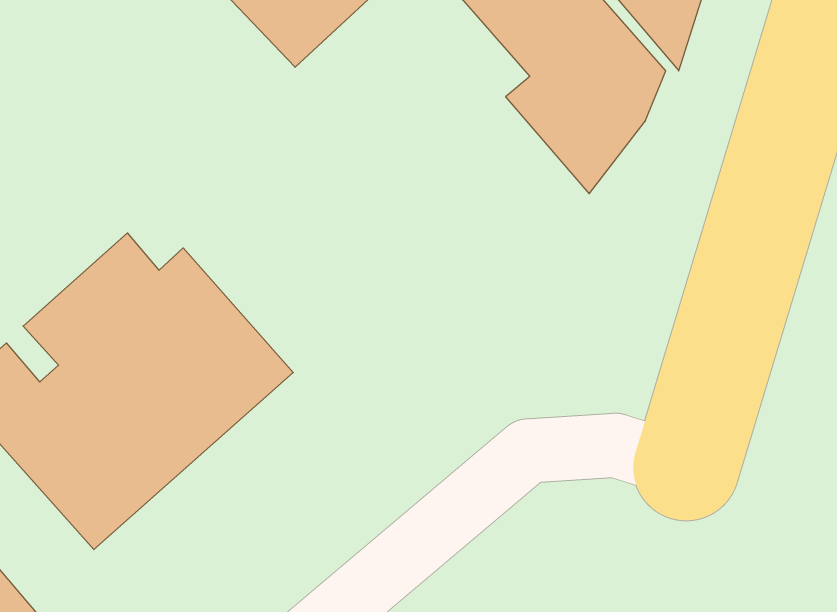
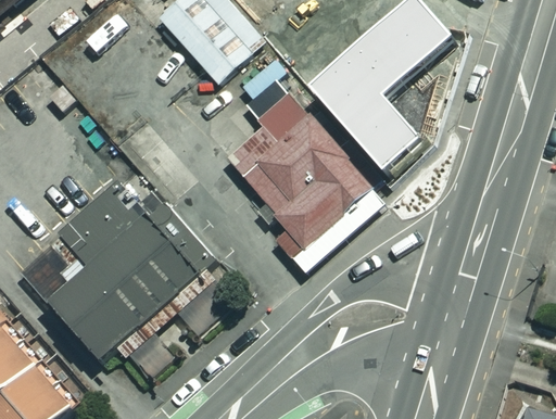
building: none -> [224,90,382,257]

